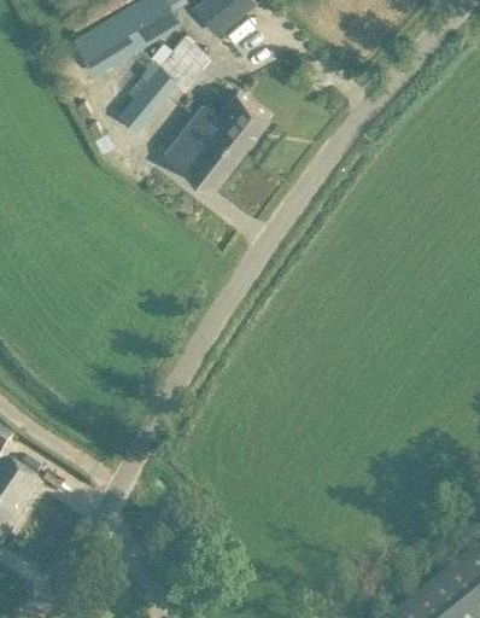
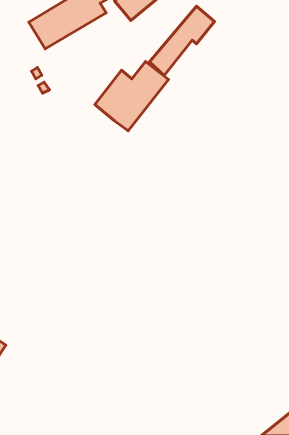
building: [113,33,205,130] -> [149,6,215,75]

